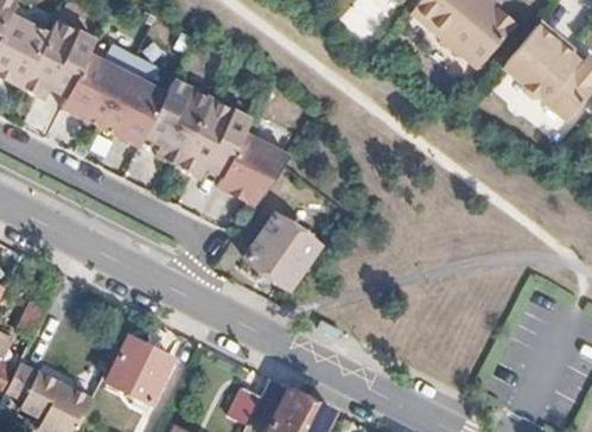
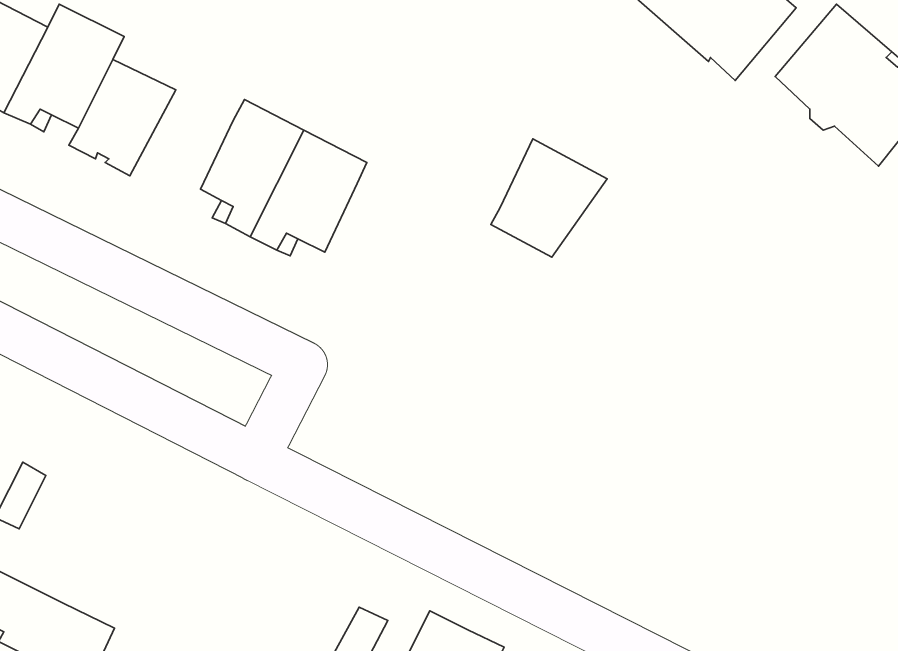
building: [101,68,165,140] -> none
building: [216,126,288,199] -> [491,139,607,257]
building: [238,215,320,291] -> none
building: [106,337,173,405] -> none

